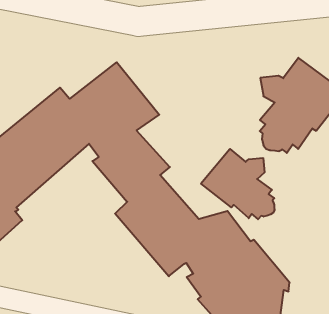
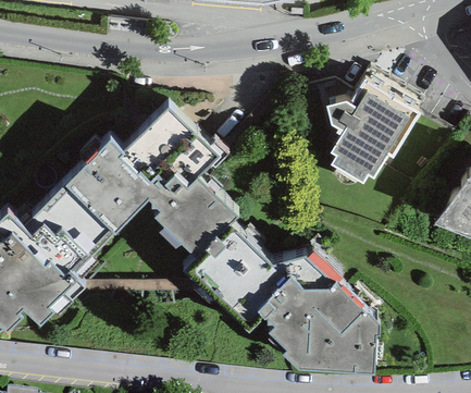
building: [201,149,274,219] -> none

